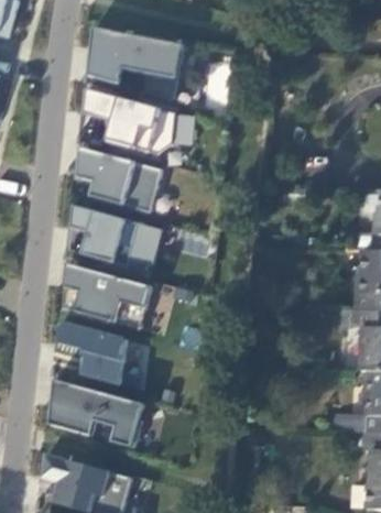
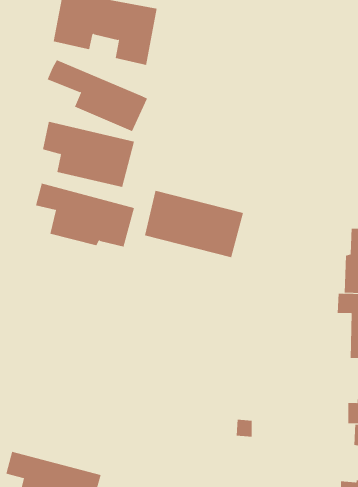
building: [59,264,152,327] -> [144,190,244,258]
building: [56,324,140,385] -> none
building: [45,381,145,446] -> none

